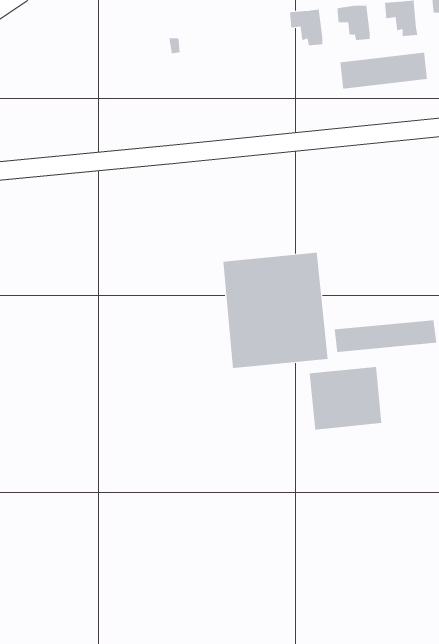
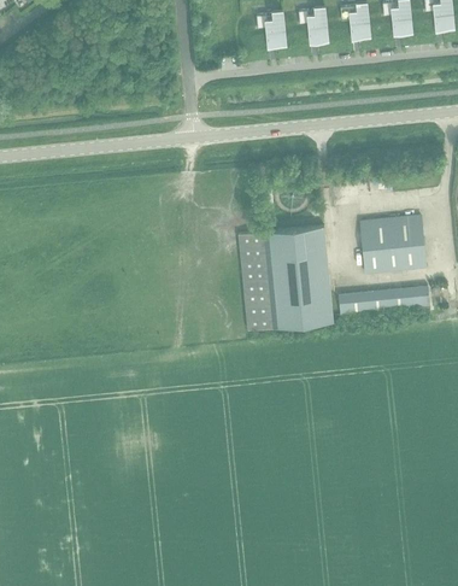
building: none -> [256,10,286,46]
building: [340,52,427,89] -> none
building: [309,366,382,430] -> [360,216,425,273]

